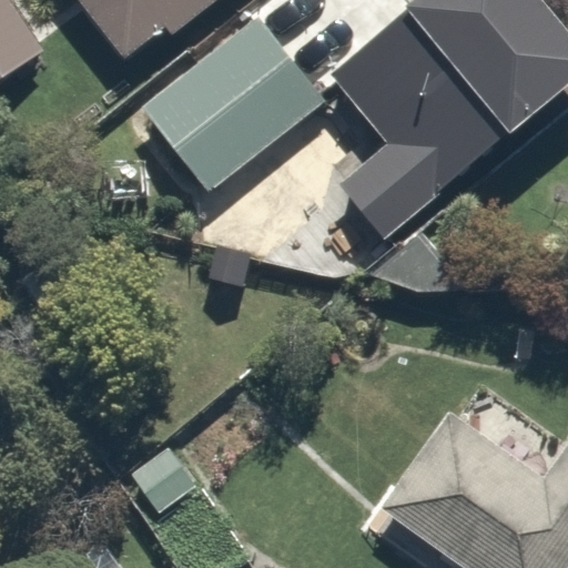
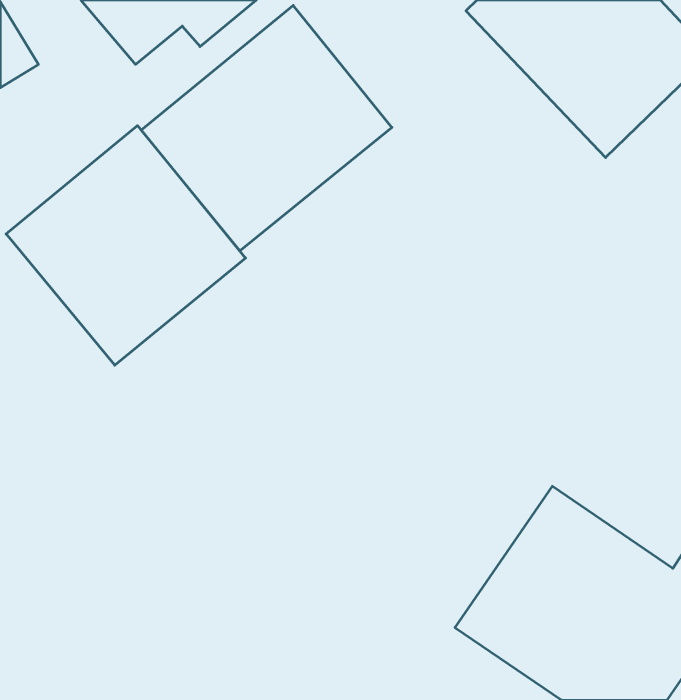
building: [321,9,506,245] -> none
building: none -> [6,126,246,365]

